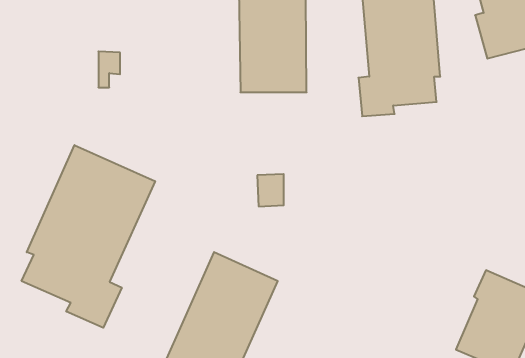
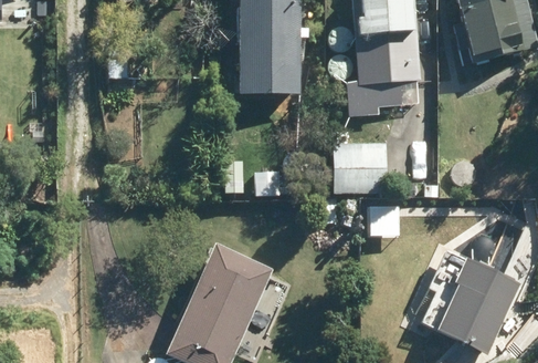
building: none -> [334,142,387,191]
building: [22,145,155,328] -> none

